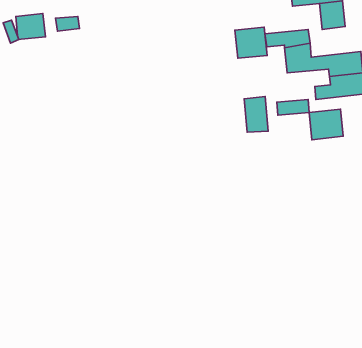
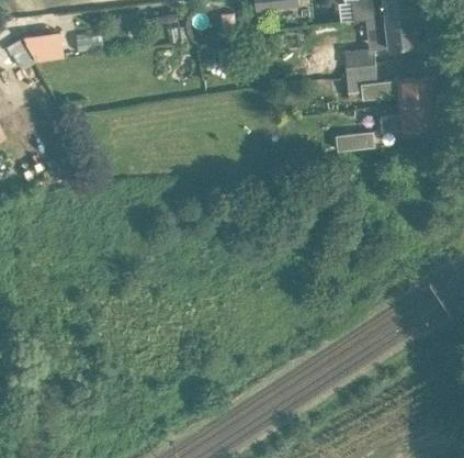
building: [235,27,267,58] -> none
building: [244,96,268,132] -> none
building: [309,109,343,140] -> none

